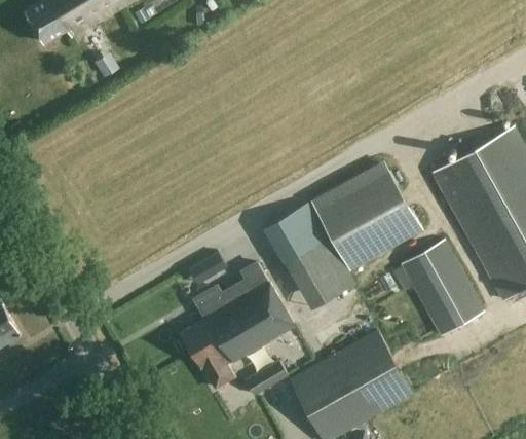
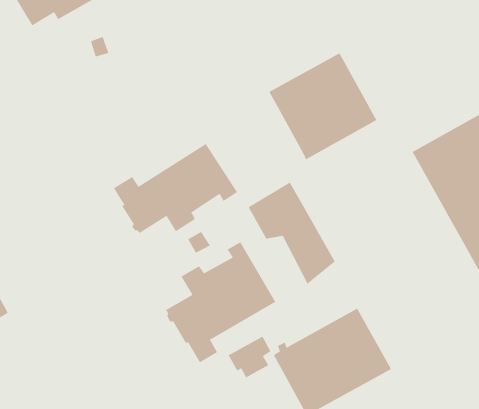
building: [311,161,422,271] -> [268,53,377,160]
building: none -> [113,143,238,234]
building: [401,241,485,336] -> none

